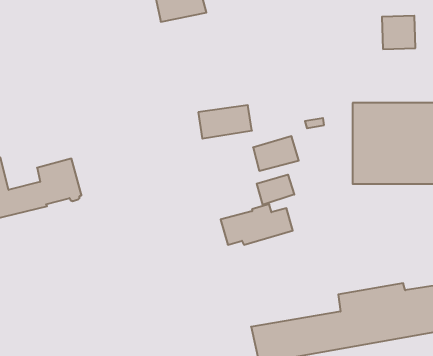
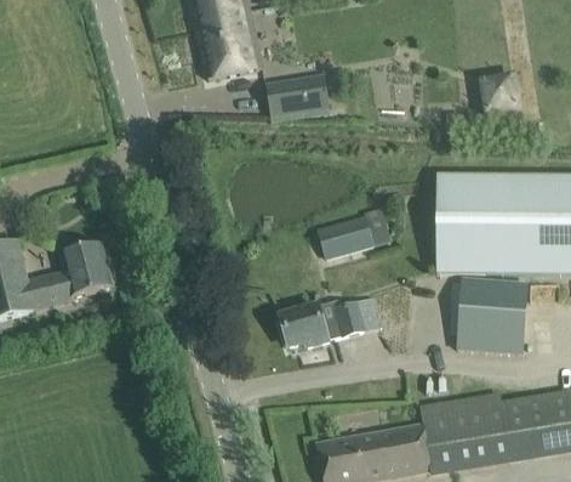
building: [198,105,252,139] -> [265,75,330,115]
building: [257,175,294,205] -> none
building: none -> [457,278,527,352]

